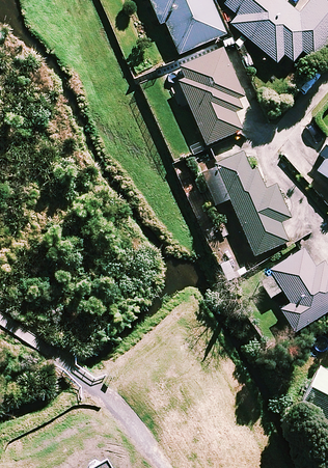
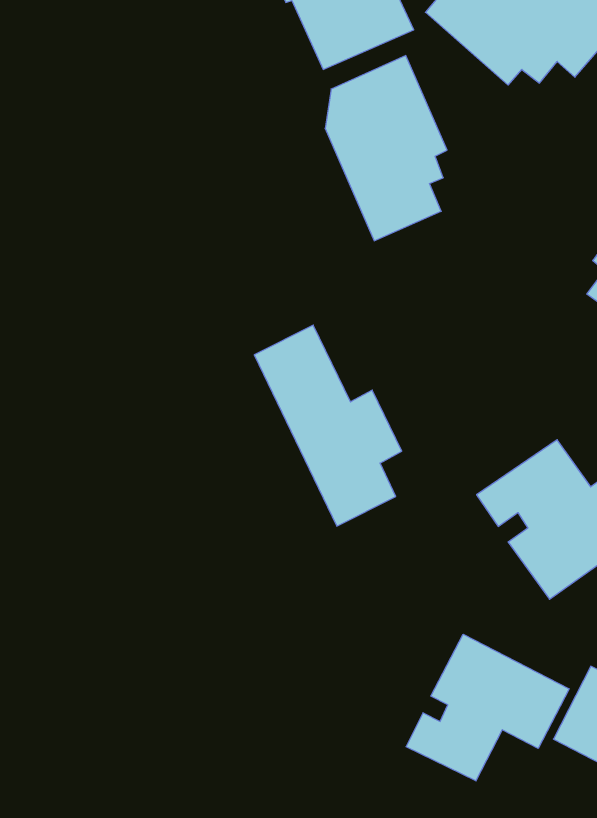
building: [214,149,292,255] -> [254,325,402,526]
building: none -> [406,634,569,781]

